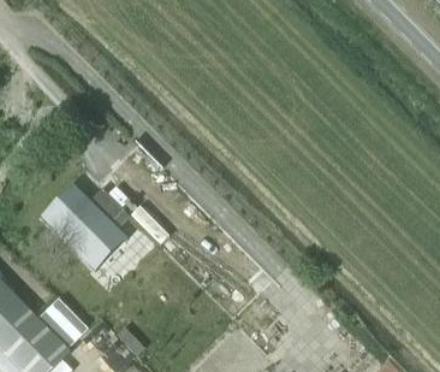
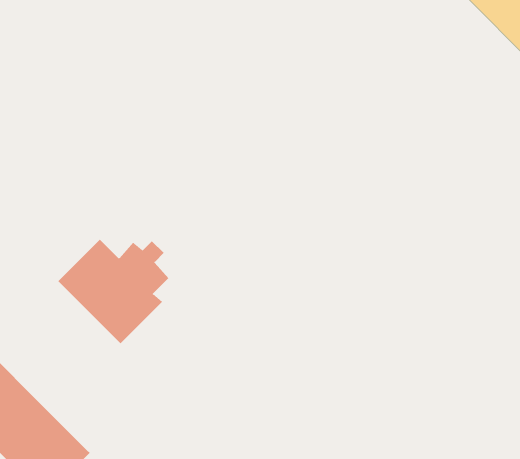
building: [38,299,88,348] -> none

